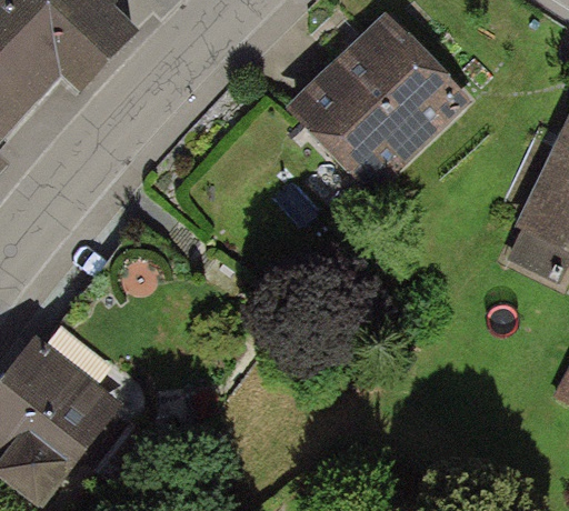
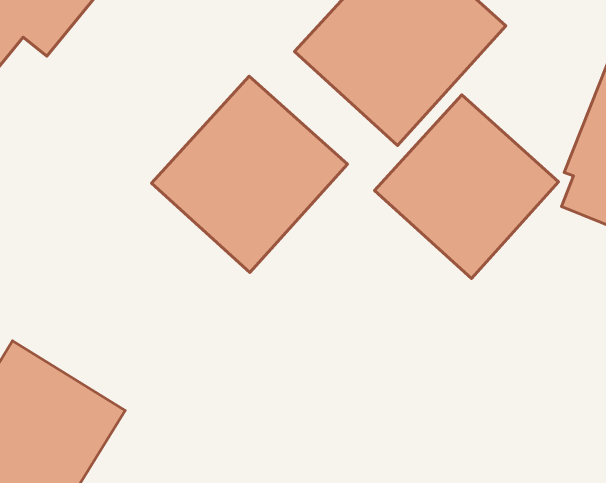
building: none -> [152,76,348,272]
building: none -> [375,95,559,278]

